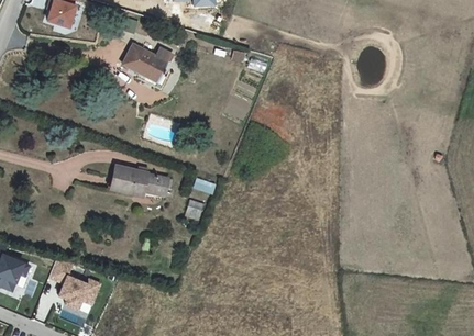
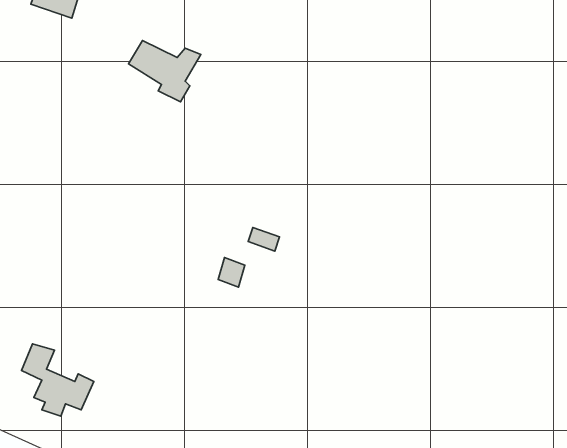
building: [108,161,170,199] -> none

